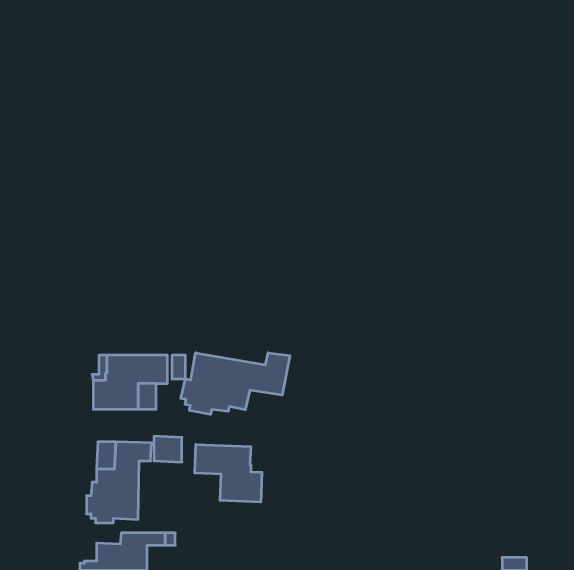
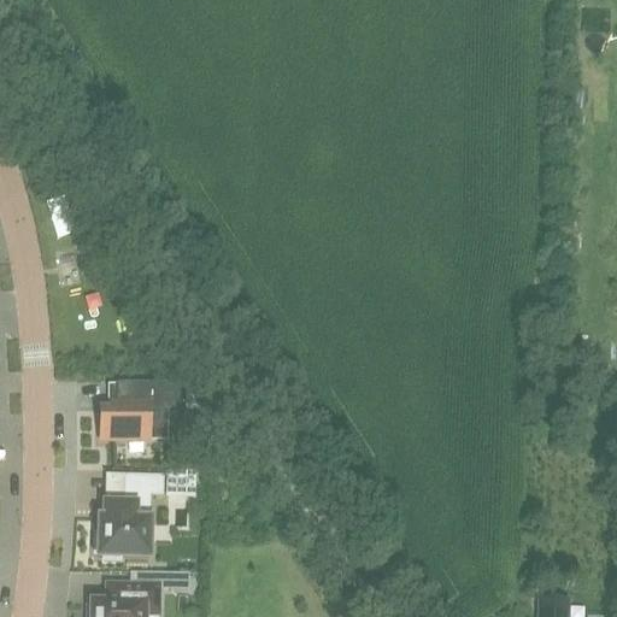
building: [181,353,290,414] -> none
building: [195,444,262,502] -> none

